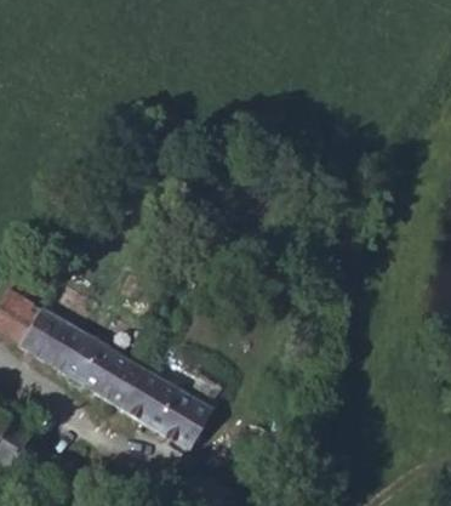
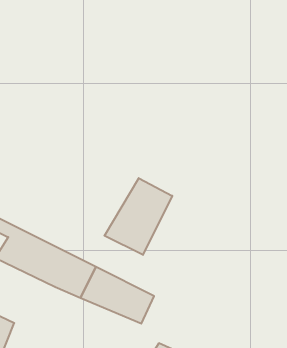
building: none -> [104,178,172,255]

